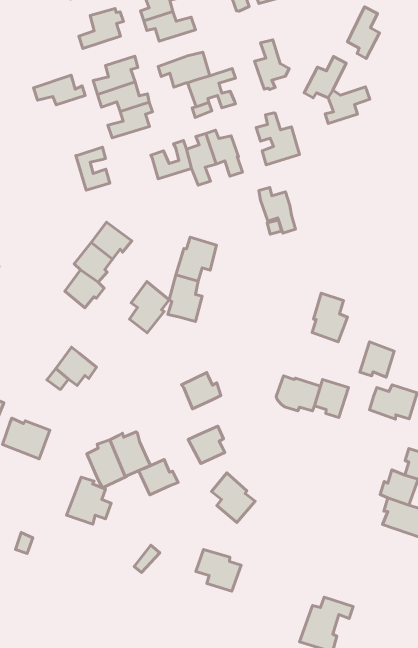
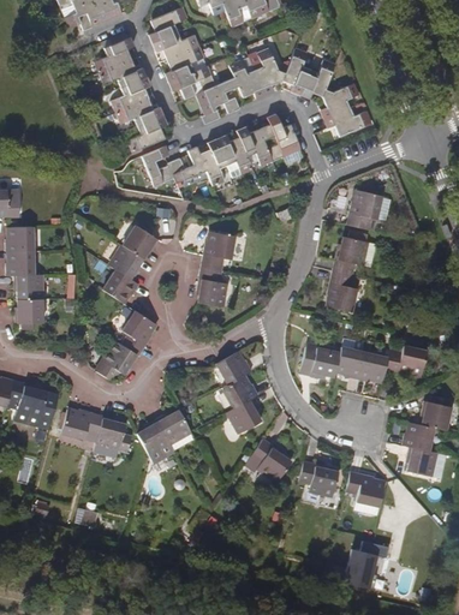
building: [348,7,380,58] -> [281,47,309,92]
building: none -> [163,46,202,82]
building: none -> [227,60,263,96]
building: [33,75,85,105] -> [99,58,145,85]
building: none -> [323,107,369,135]
building: [76,147,110,190] -> [142,144,174,184]
building: [259,187,296,233] -> [236,125,272,165]
building: none -> [346,190,389,228]
building: none -> [332,235,368,274]
building: [130,282,169,333] -> [121,309,155,354]
building: [360,342,394,377] -> [358,351,387,381]
building: [139,460,178,495] -> [222,374,258,406]
building: [67,477,111,524] -> [93,414,131,455]
building: none -> [345,470,385,514]
building: [196,549,241,591] -> [298,460,338,495]

